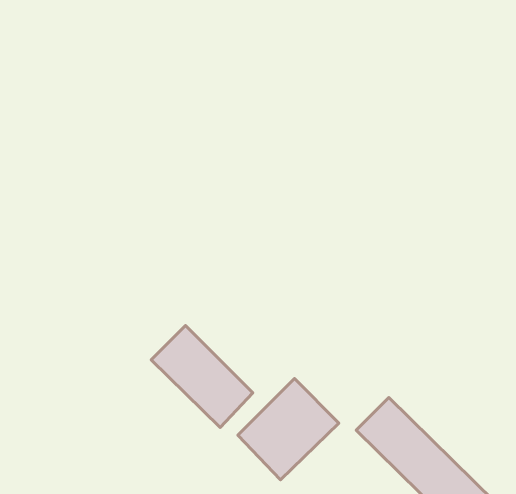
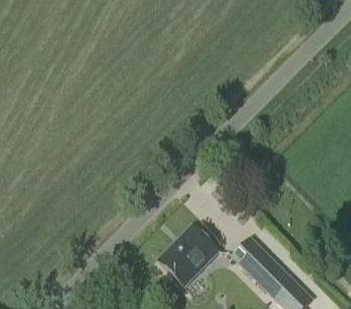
building: [151,325,253,427] -> none

